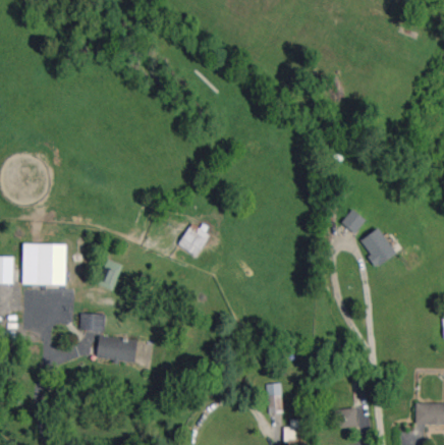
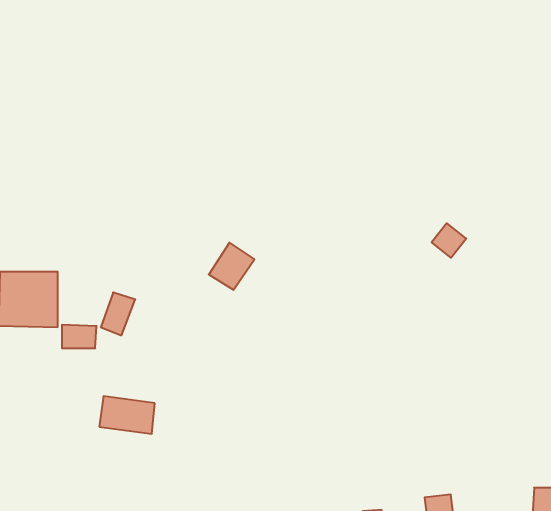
building: [359,228,395,267] -> none
building: [79,314,105,331] -> [62,325,97,348]
building: [266,384,282,414] -> none

